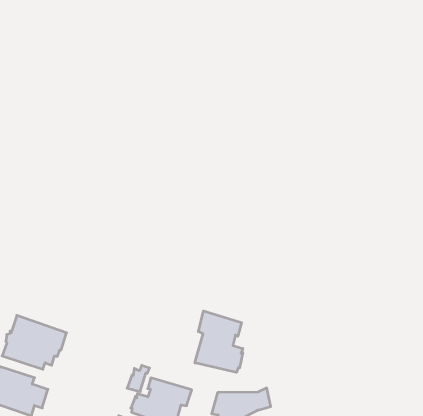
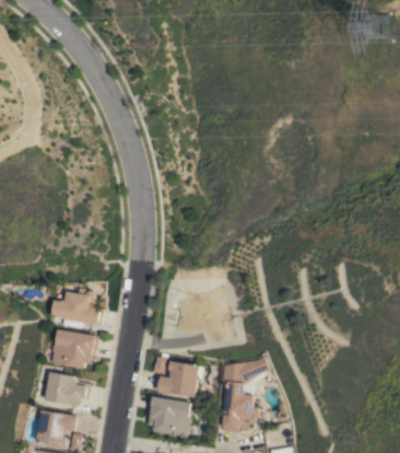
building: none -> [50,288,102,325]
building: [195,311,243,372] -> none

